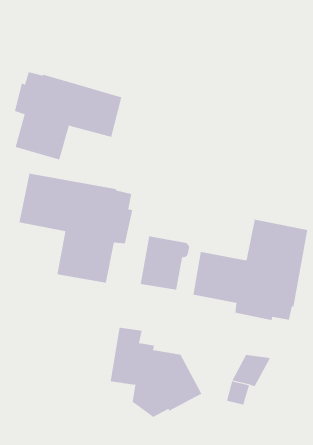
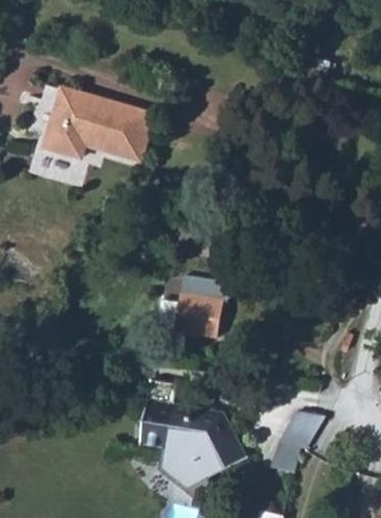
building: [19,173,133,283] -> none
building: [193,219,308,321] -> none

